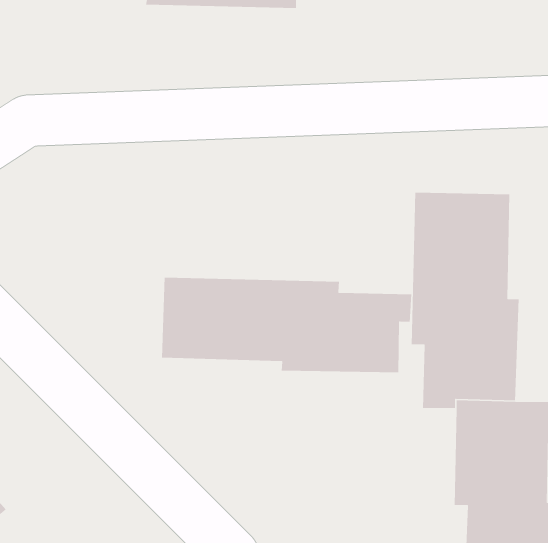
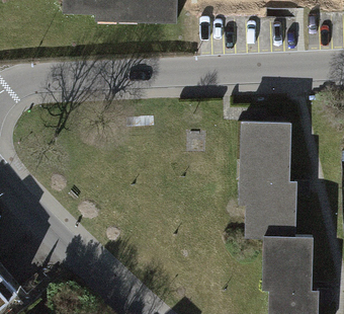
building: [161,277,412,373] -> none

